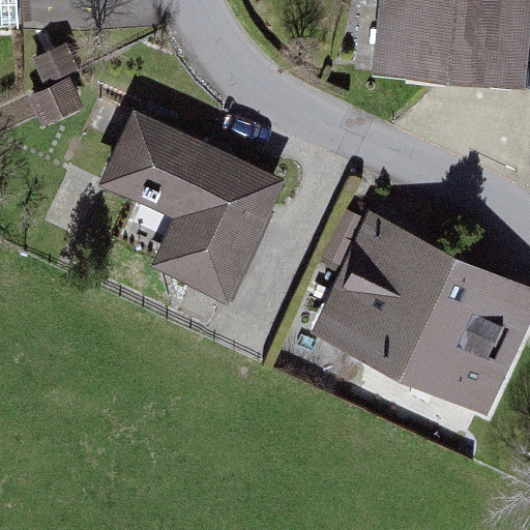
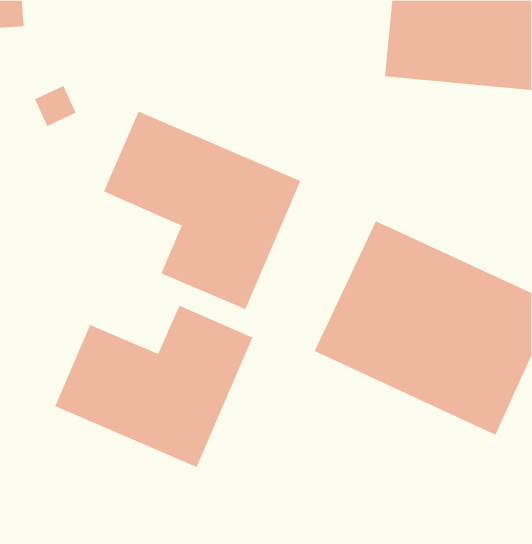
building: none -> [54,305,253,468]

